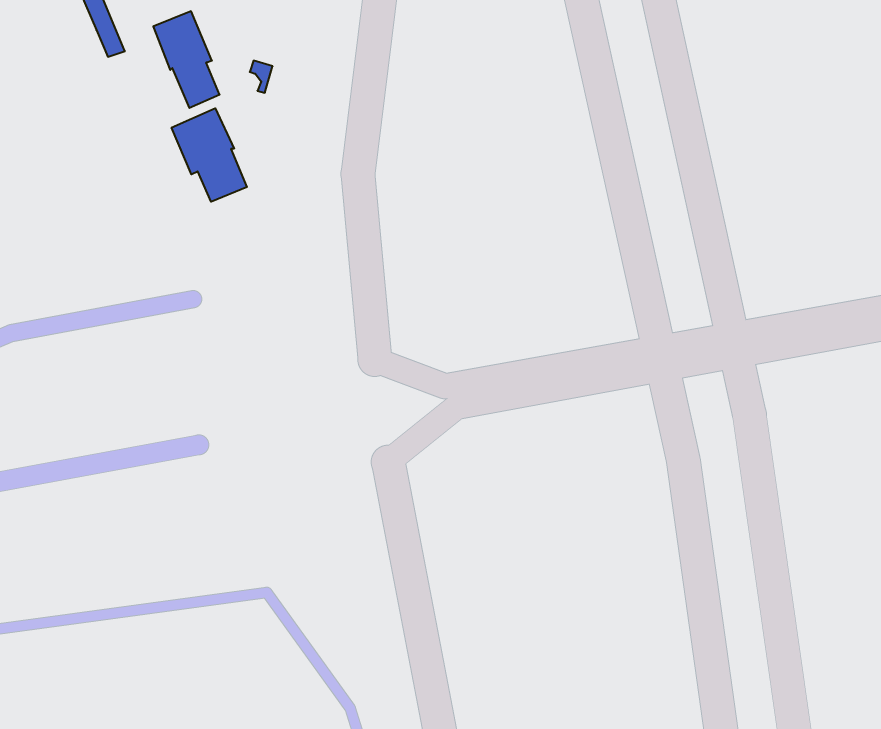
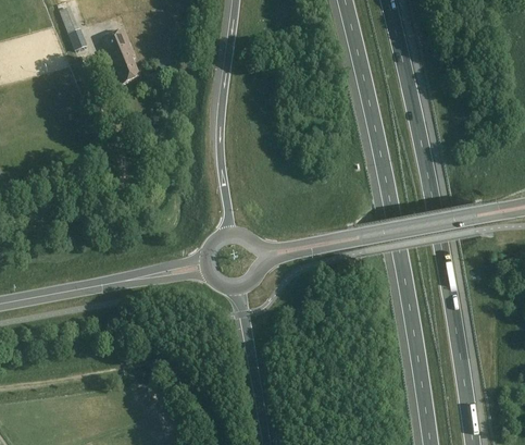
building: [172,108,247,202] -> none

